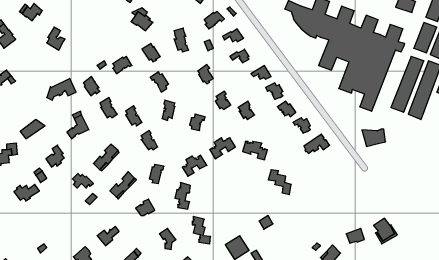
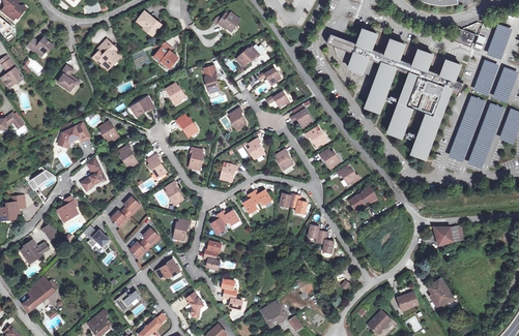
building: none -> [93,38,119,68]
building: [362,129,386,146] -> [433,225,460,245]
building: none -> [23,276,56,312]

